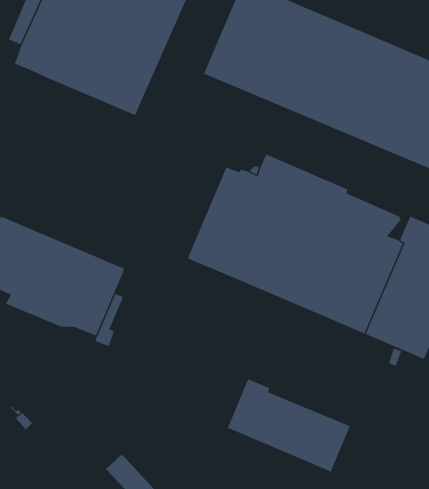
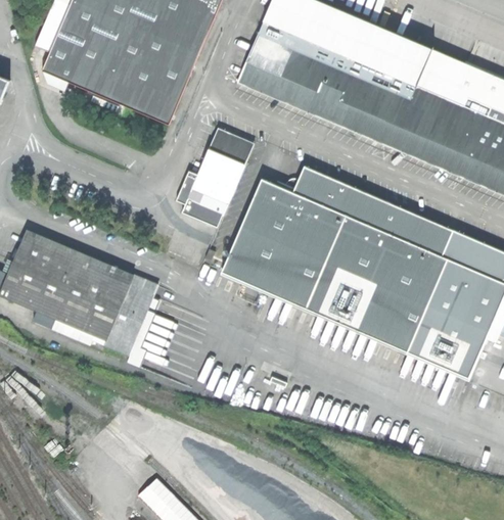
building: none -> [176,127,256,226]
building: none -> [388,201,454,254]
building: [227,379,351,472] -> none

